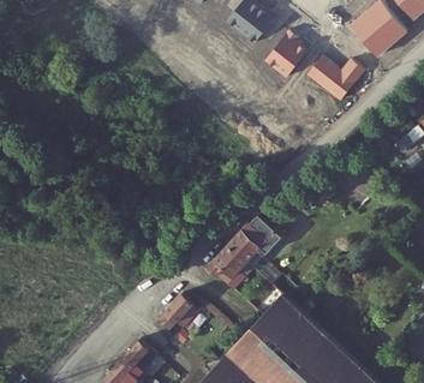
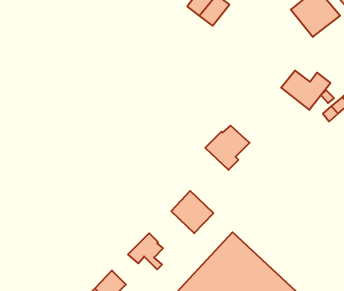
building: [265,34,307,78] -> none
building: [305,58,364,104] -> [281,71,330,110]
building: [229,216,282,269] -> [205,126,250,170]

